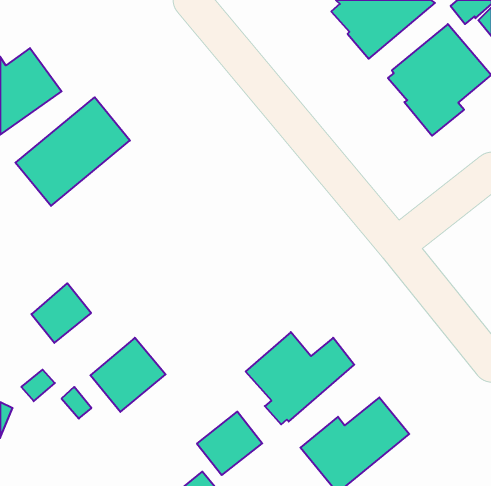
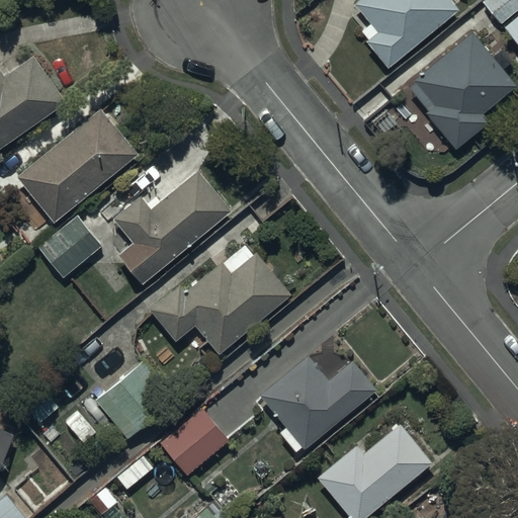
building: none -> [113,169,230,283]
building: none -> [150,244,291,354]
building: [31,283,91,343] -> [39,215,102,278]
building: [197,412,262,475] -> [161,409,230,476]

